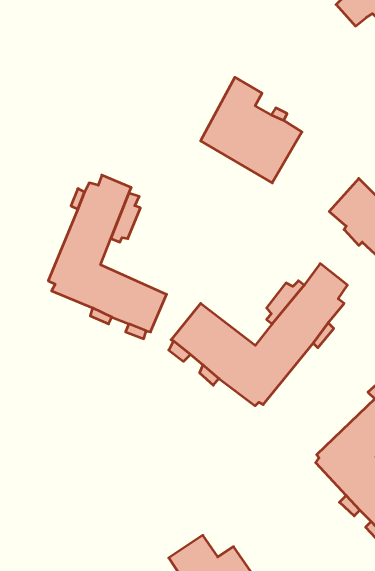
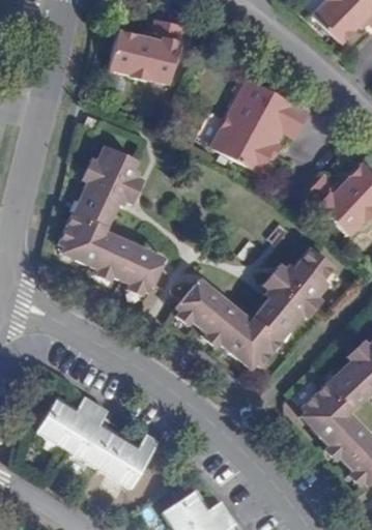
building: none -> [114,18,187,80]
building: none -> [39,394,163,487]

